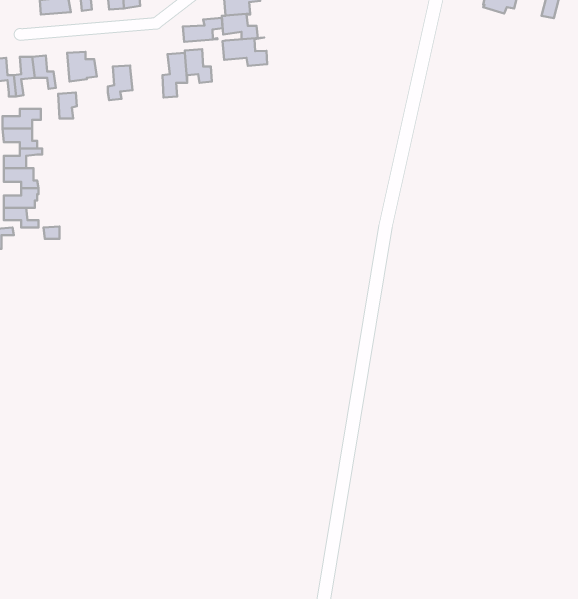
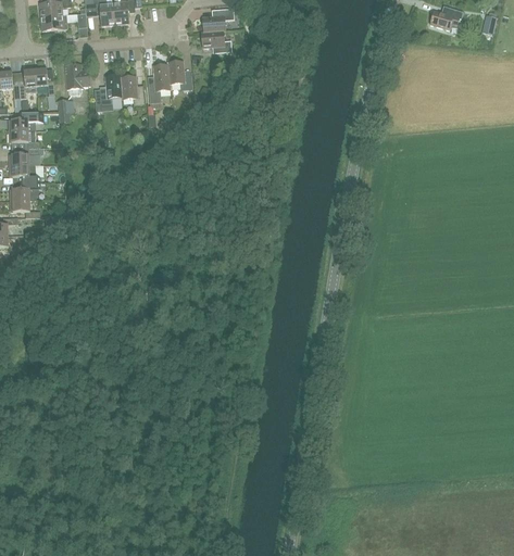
building: [183,18,223,42] -> none
building: [222,38,267,66] -> none
building: none -> [120,75,145,104]

